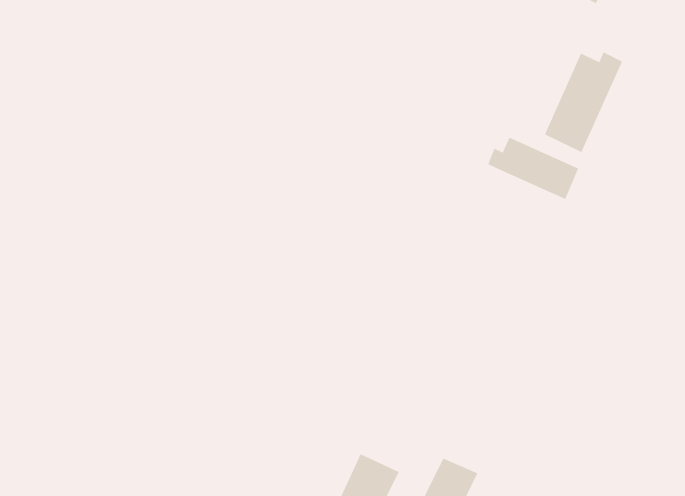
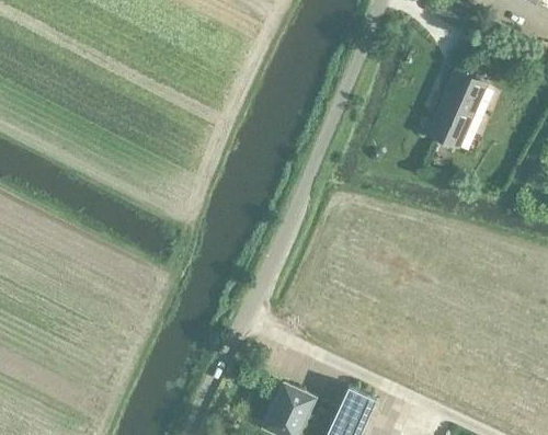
building: [488,137,579,200] -> none

